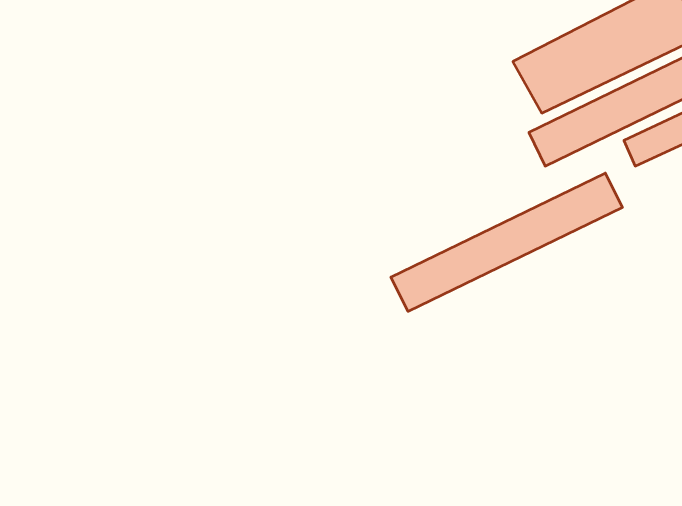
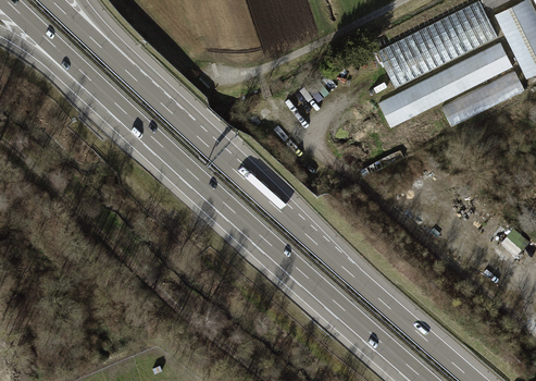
building: [391,173,622,311] -> none

